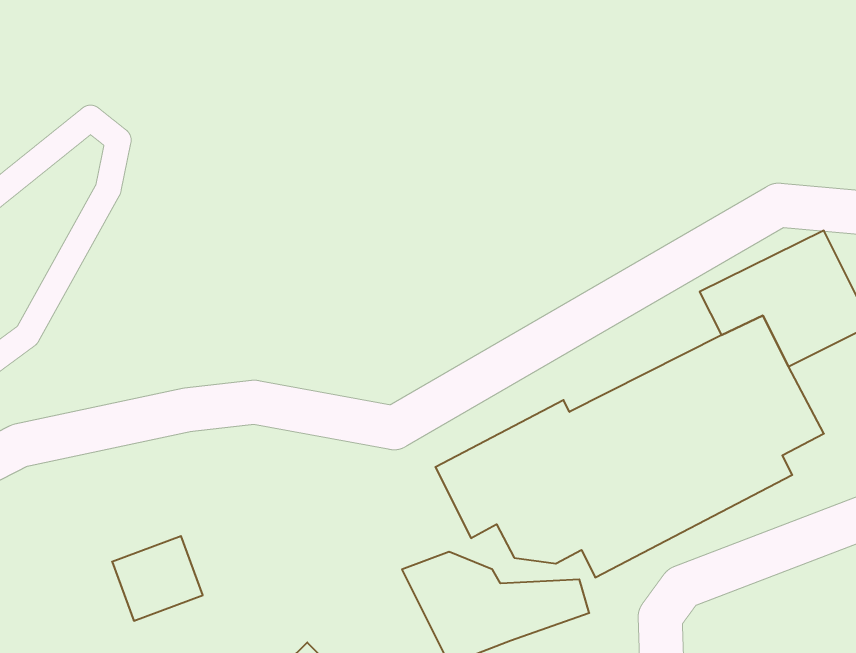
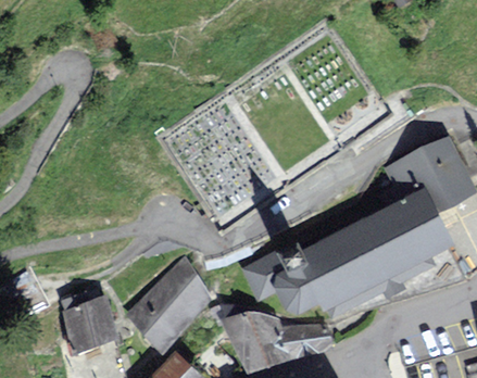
building: none -> [130,261,208,352]

